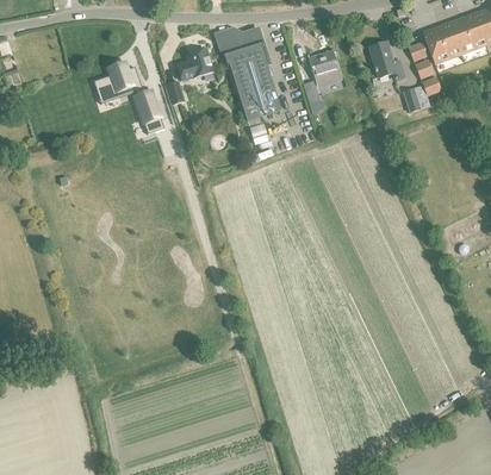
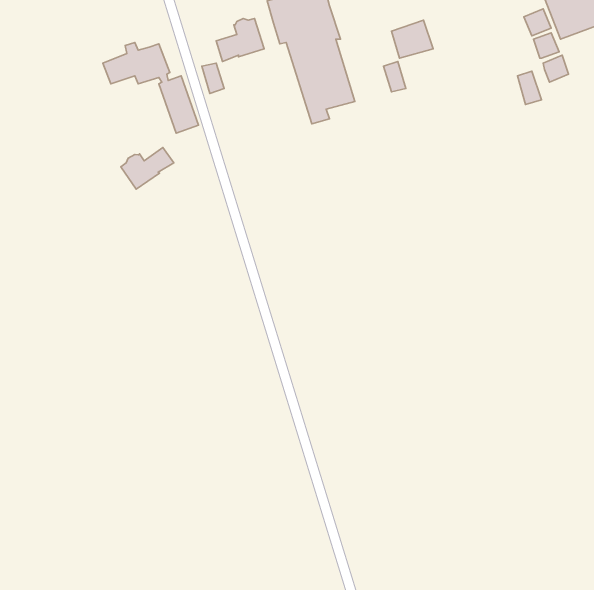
building: [369,39,404,76] -> none
building: none -> [121,148,174,189]

